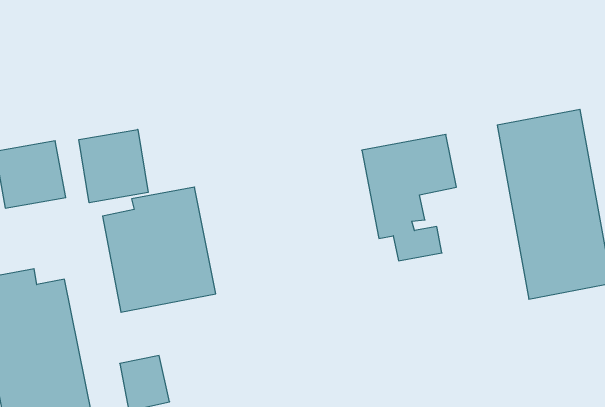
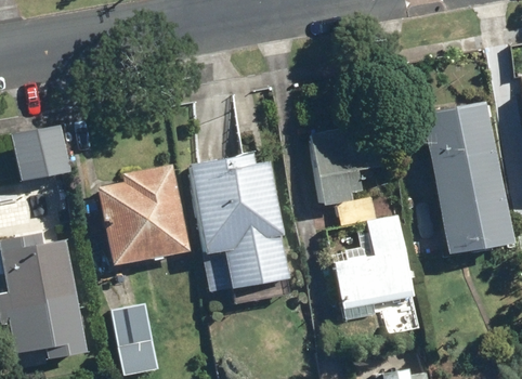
building: [79,129,148,203] -> none
building: none -> [188,153,291,292]
building: none -> [335,217,414,310]

